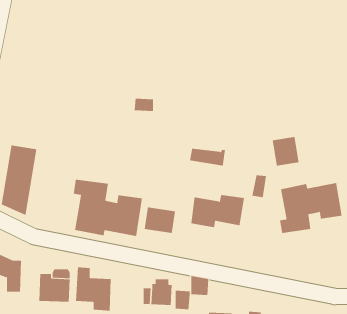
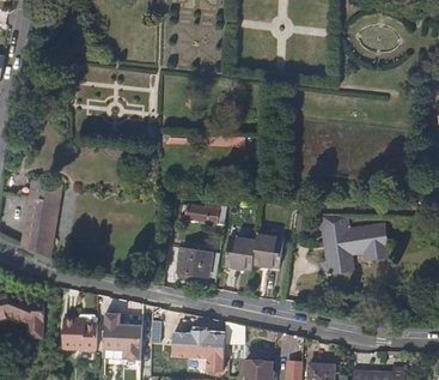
building: [272,136,299,166] -> none
building: [189,148,226,166] -> [185,205,225,224]
building: [73,179,143,237] -> none

